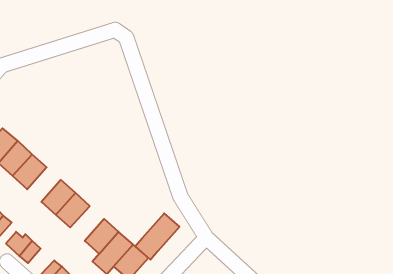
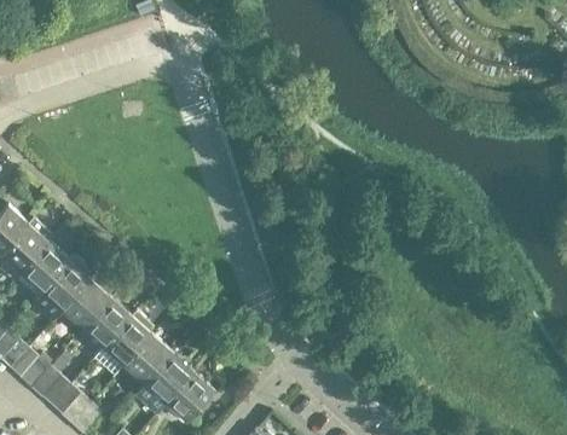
building: none -> [41,260,89,309]
building: none -> [103,315,151,365]
building: [135,213,179,260] -> none

